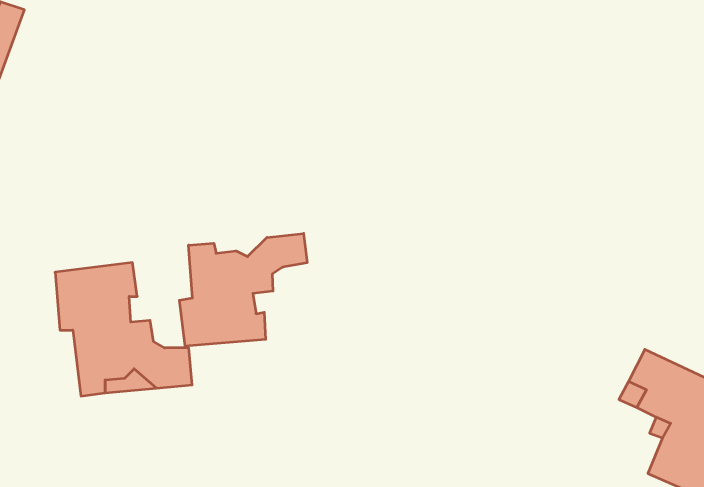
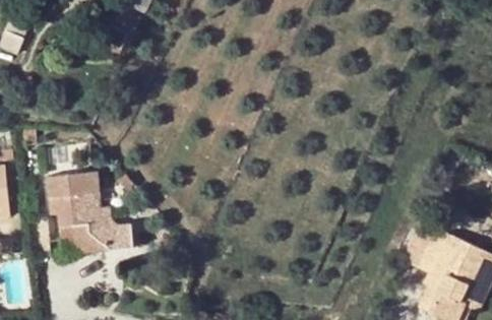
building: [179,233,307,346] -> none

